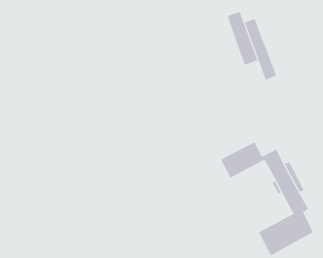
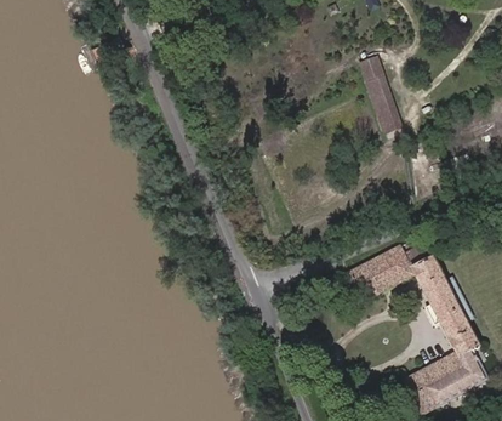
building: [244,18,277,80] -> none

